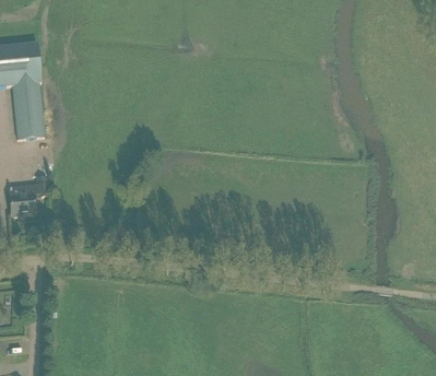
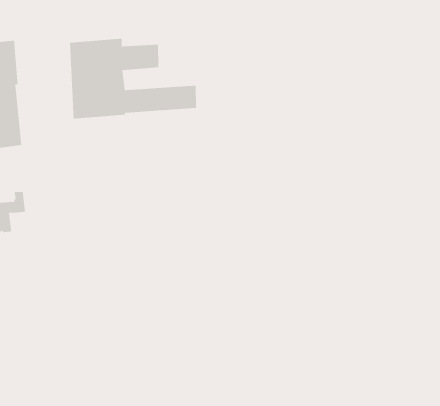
building: none -> [69,38,197,120]

